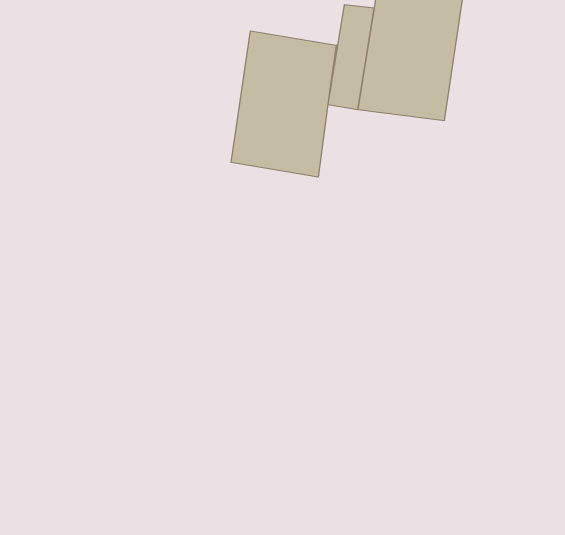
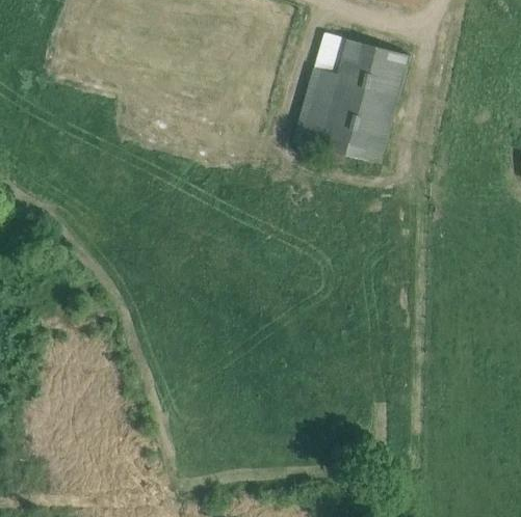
building: [231,31,336,177] -> none

